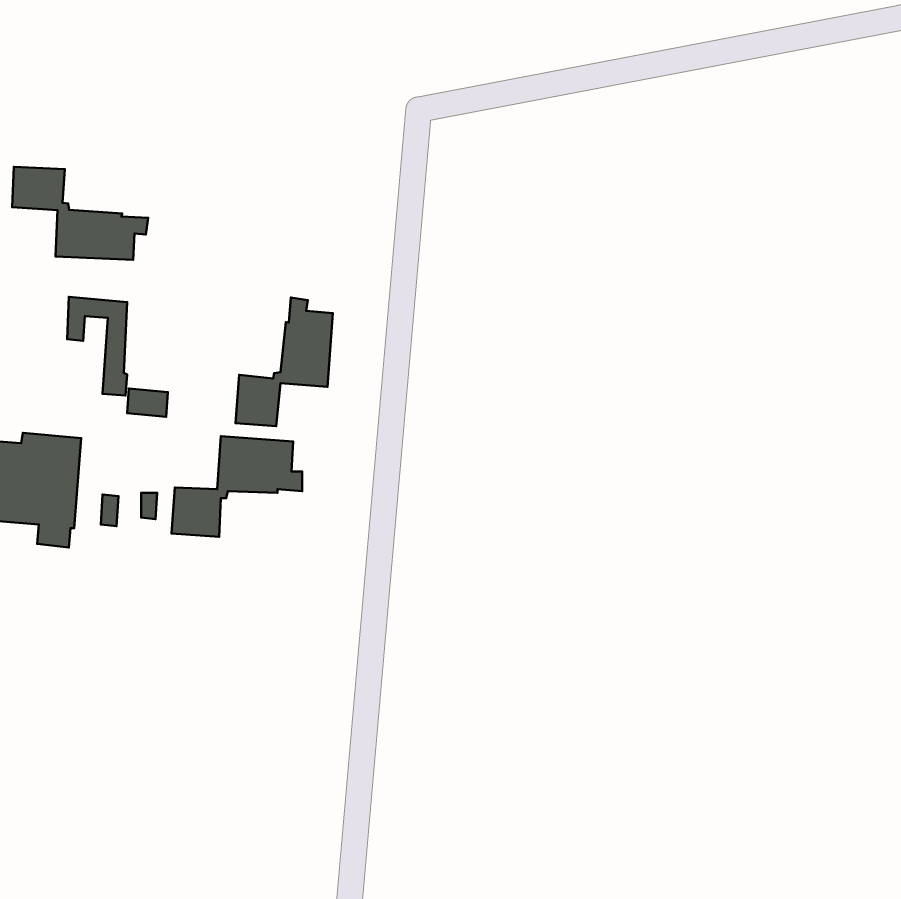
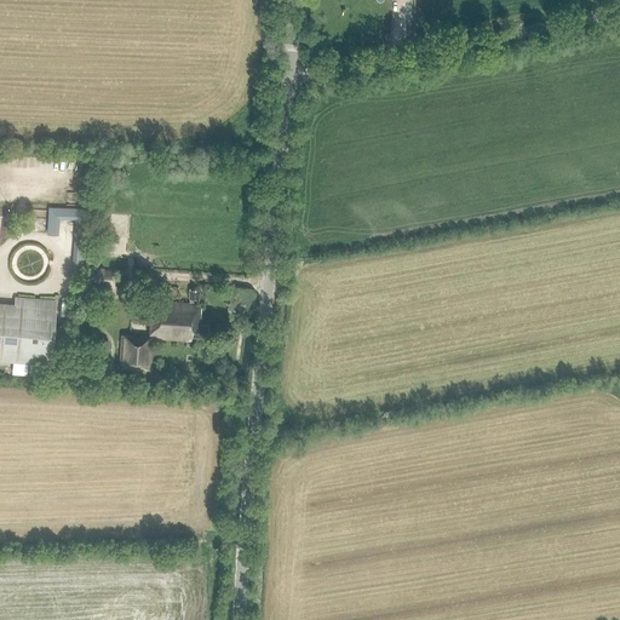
building: [12,167,148,260] -> none
building: [236,297,333,426] -> none

